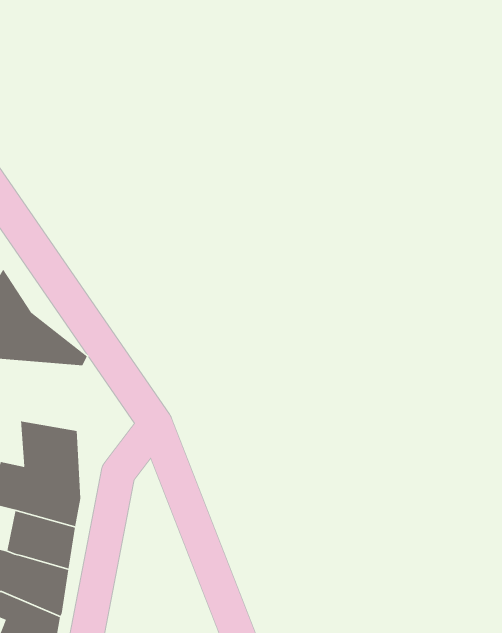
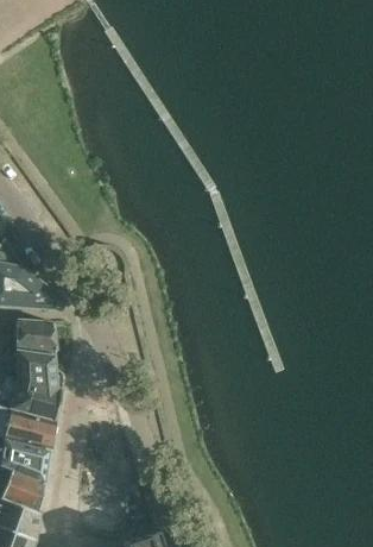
building: none -> [14,321,56,354]

